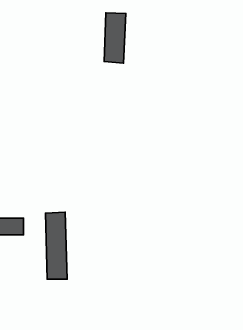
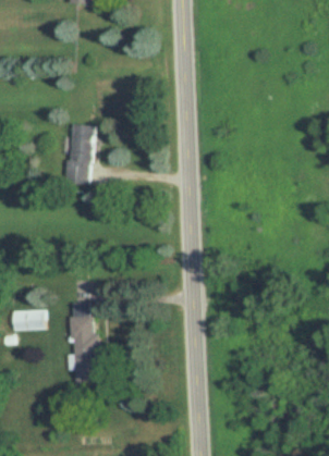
building: [104,13,126,63] -> [66,123,94,186]

